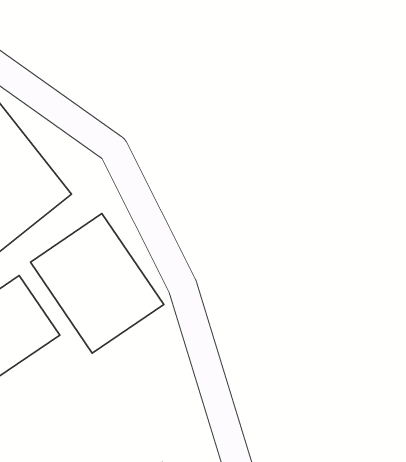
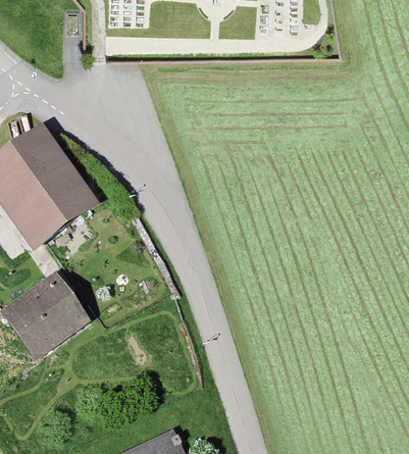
building: [30,214,164,353] -> none

